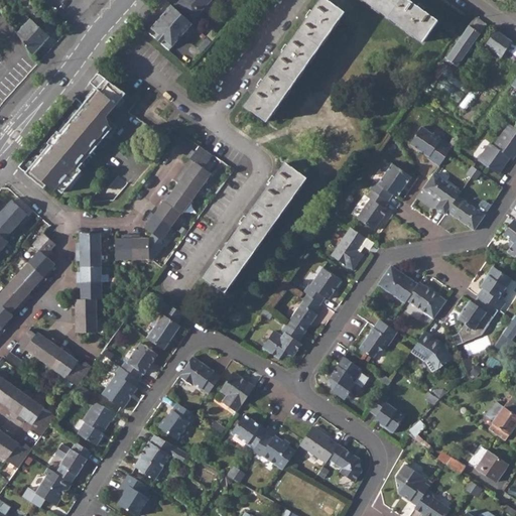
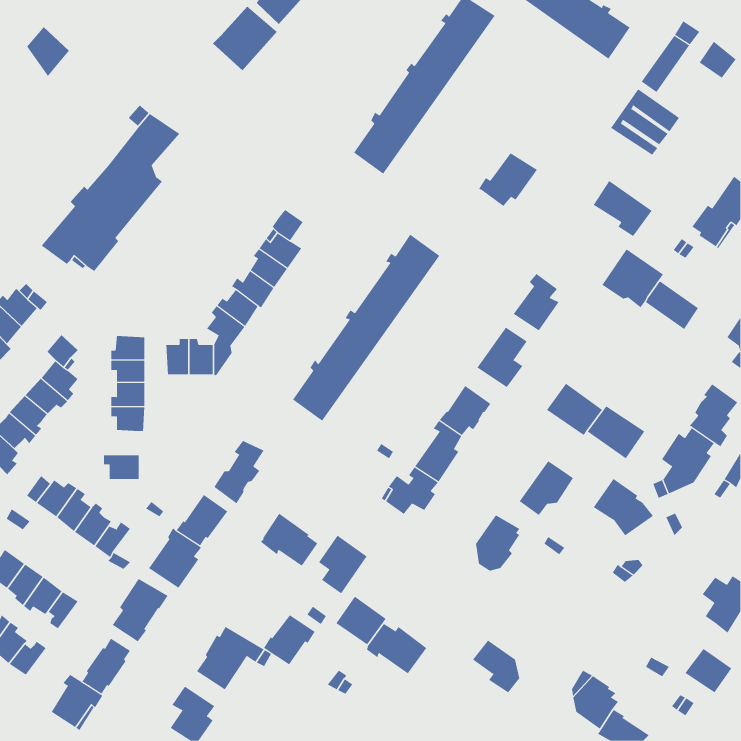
building: [370,163,411,201] -> [478,153,538,206]
building: [72,298,97,315] -> none
building: [370,393,405,432] -> none
building: [161,403,198,438] -> [263,614,316,665]
building: [300,425,338,462] -> none

